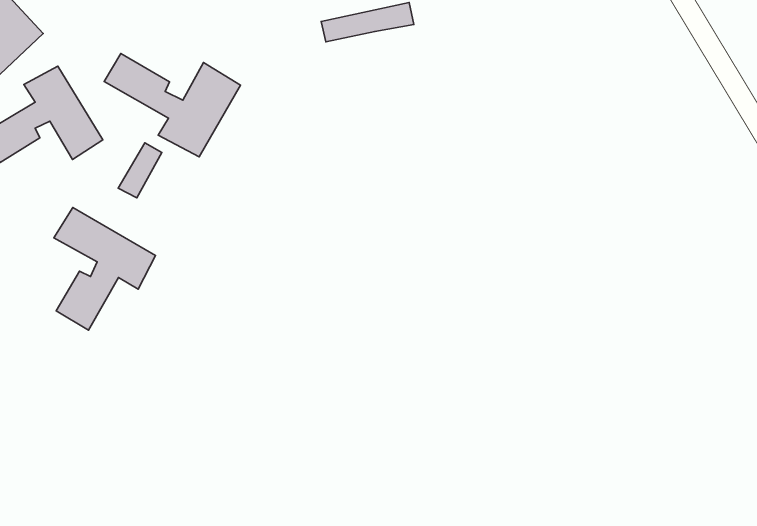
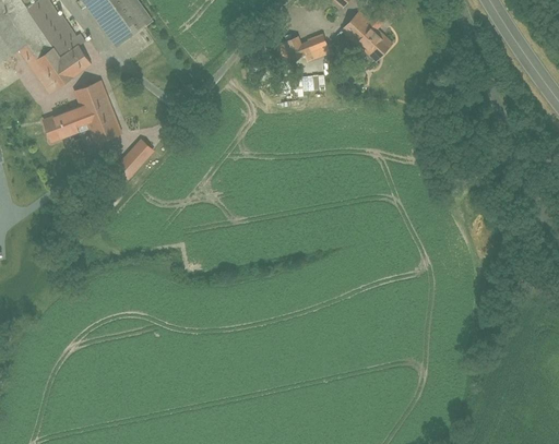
building: [104,54,241,157] -> none
building: [54,208,155,330] -> none

